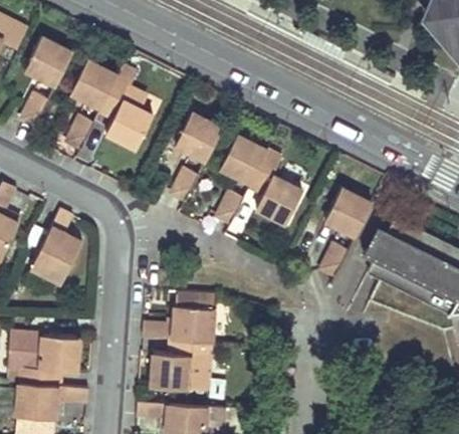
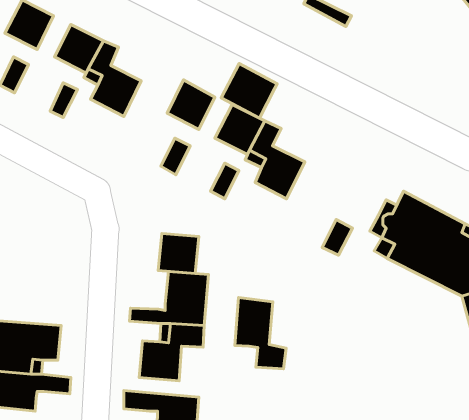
building: none -> [221,64,277,118]
building: [325,188,373,236] -> none
building: [31,209,82,280] -> none
building: none -> [158,233,199,274]
building: none -> [235,298,286,369]

